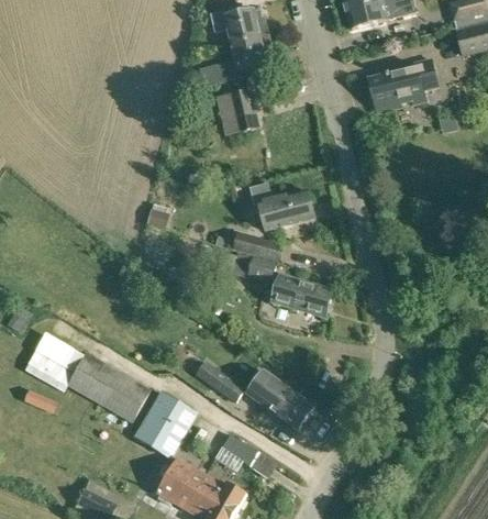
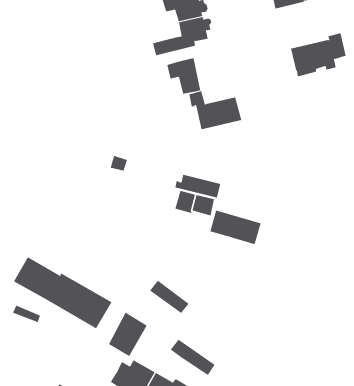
building: [249,183,315,231] -> [188,91,242,130]
building: [252,373,314,429] -> none

